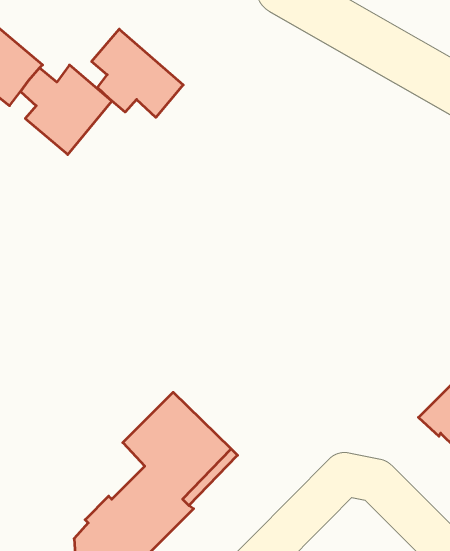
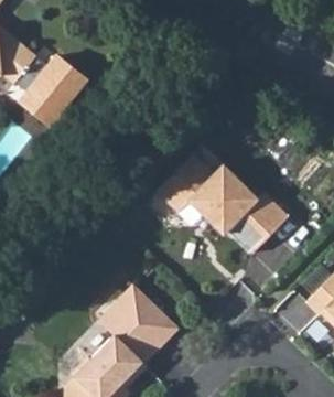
building: [92,29,183,117] -> none
building: none -> [155,153,289,254]

